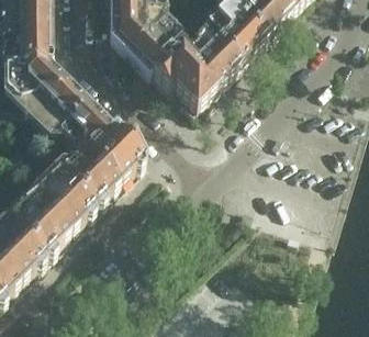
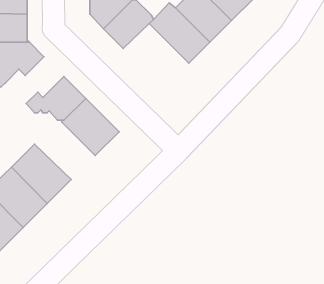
building: [149,42,219,109] -> none
building: [25,77,87,126] -> none
building: [56,146,120,206] -> none

